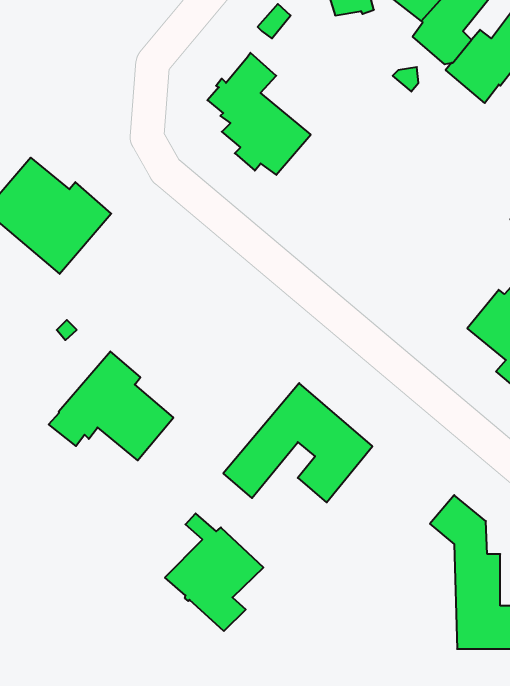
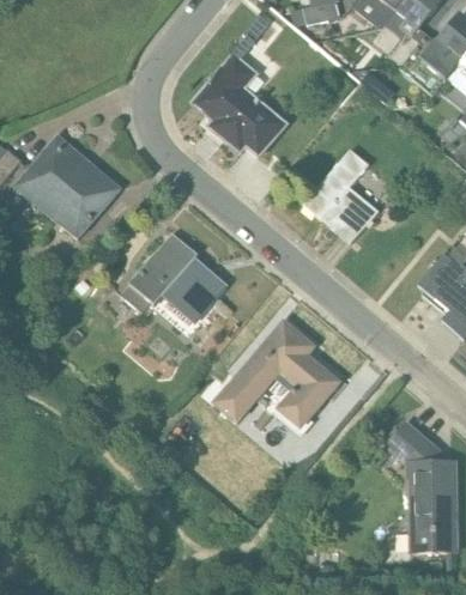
building: none -> [298,147,377,242]
building: [49,351,173,460] -> [121,231,225,322]
building: [165,513,263,631] -> none

